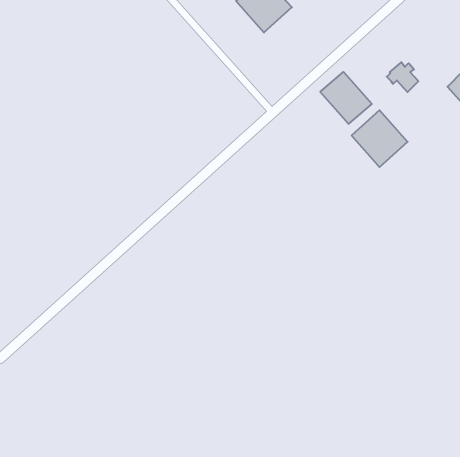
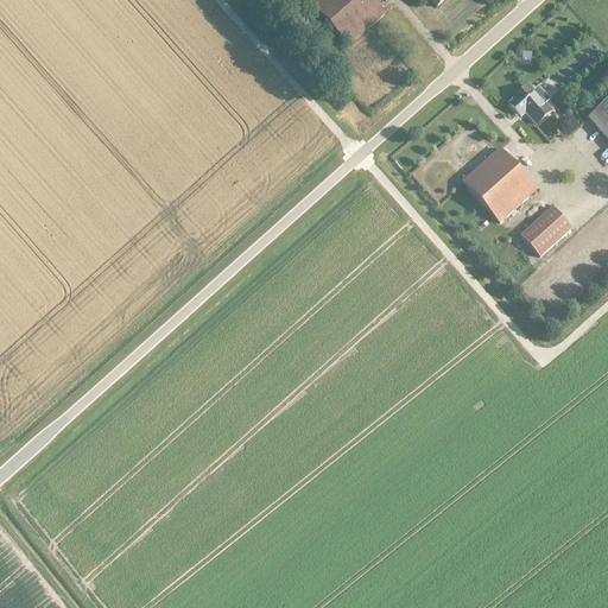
building: [320,72,372,124] -> none
building: none -> [521,204,572,254]

